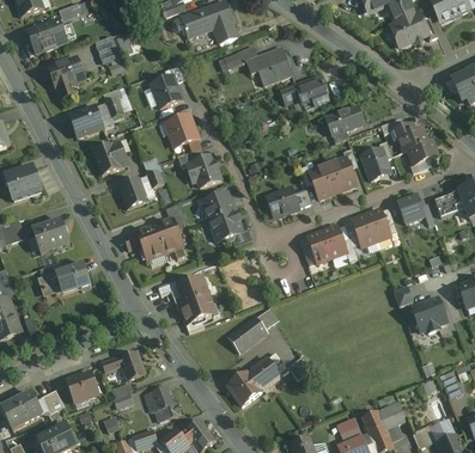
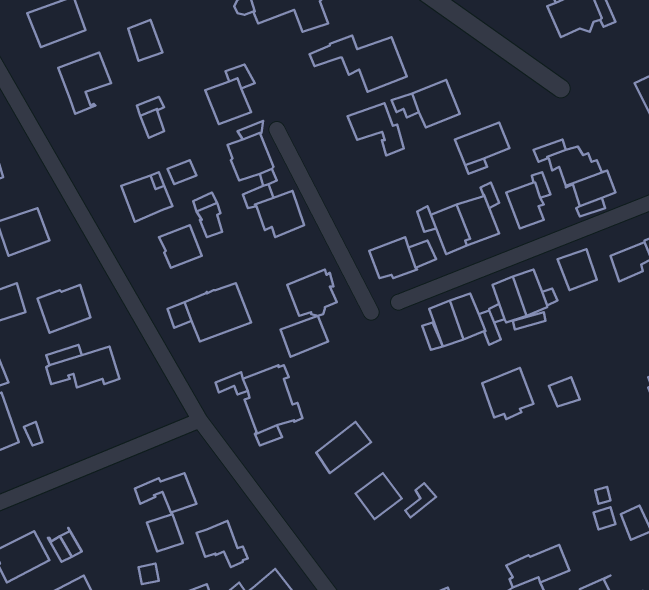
building: none -> [348,103,404,155]
building: [69,105,103,137] -> none
building: [201,191,235,220] -> [280,316,328,357]
building: [412,296,447,332] -> [482,368,533,419]
building: [227,366,269,405] -> none
building: [67,371,98,400] -> none

